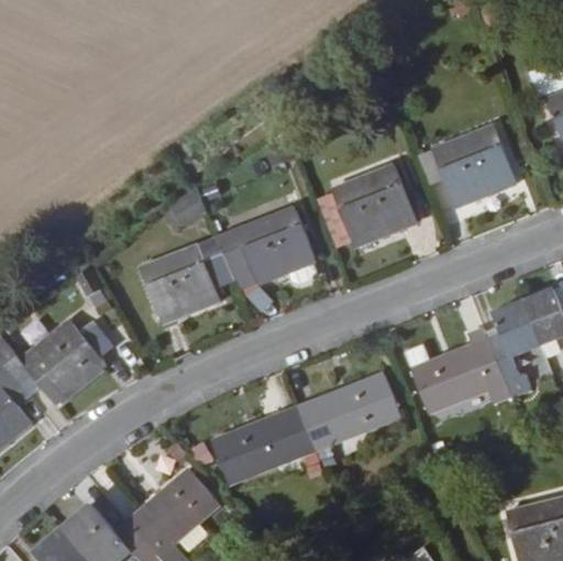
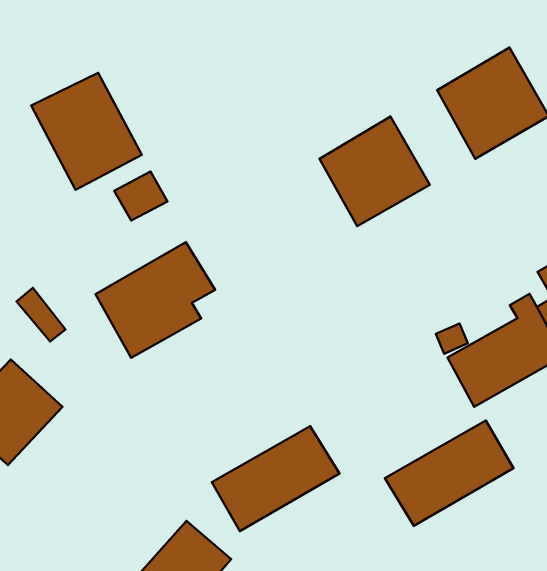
building: none -> [31,73,142,190]
building: [220,217,318,296] -> none
building: [297,372,399,447] -> [385,420,514,526]

